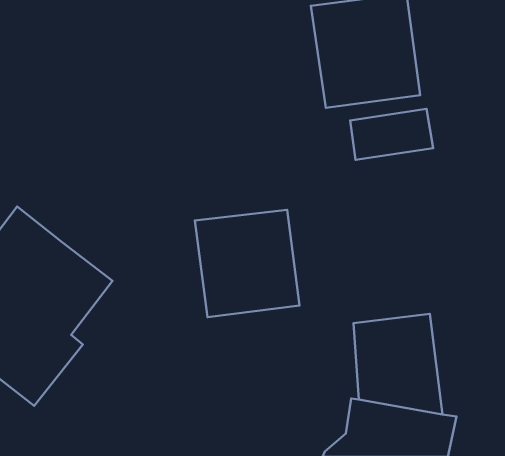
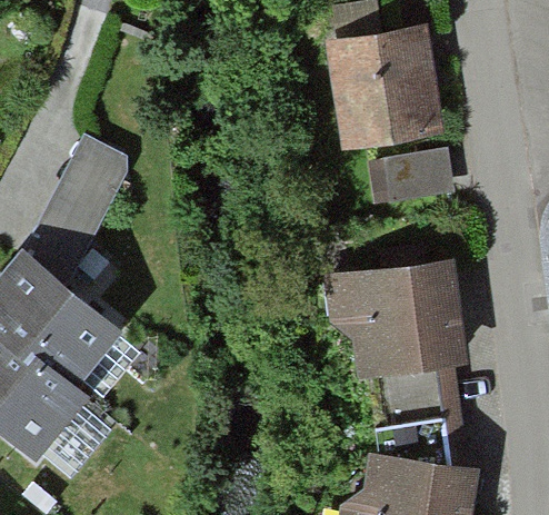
building: none -> [20,135,127,289]
building: [195,210,299,317] -> none
building: none -> [327,259,468,376]

